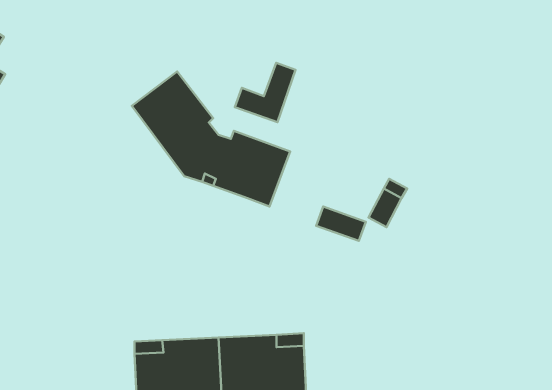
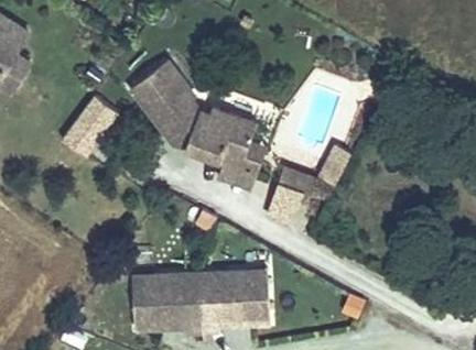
building: [235,63,295,122] -> [218,142,267,189]
building: none -> [60,91,119,155]

